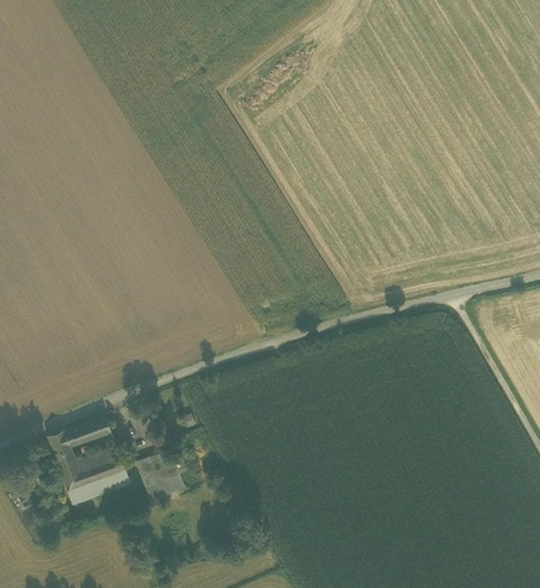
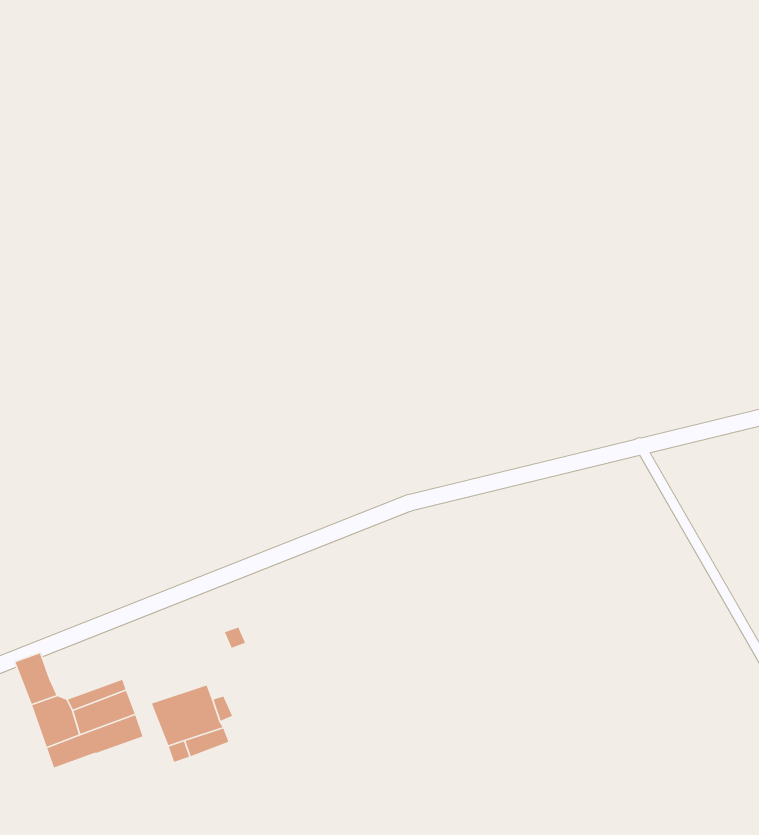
building: [65,414,112,447] -> none

